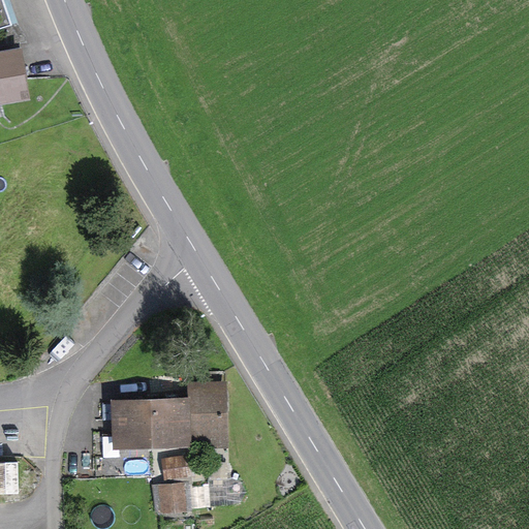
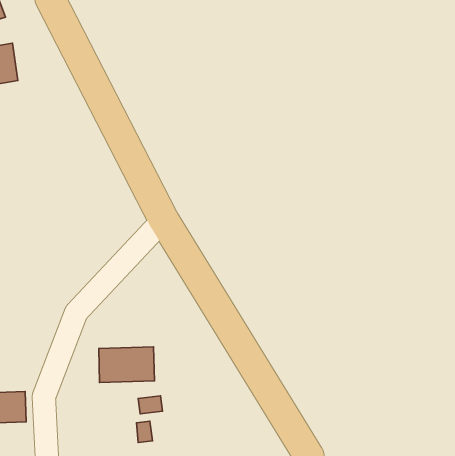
building: [184,387,218,441] -> none

